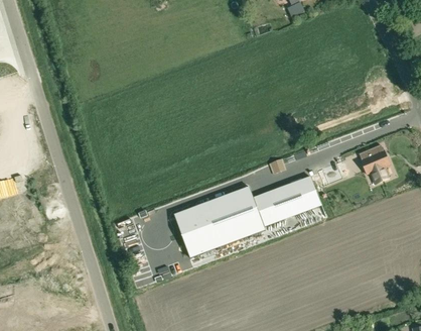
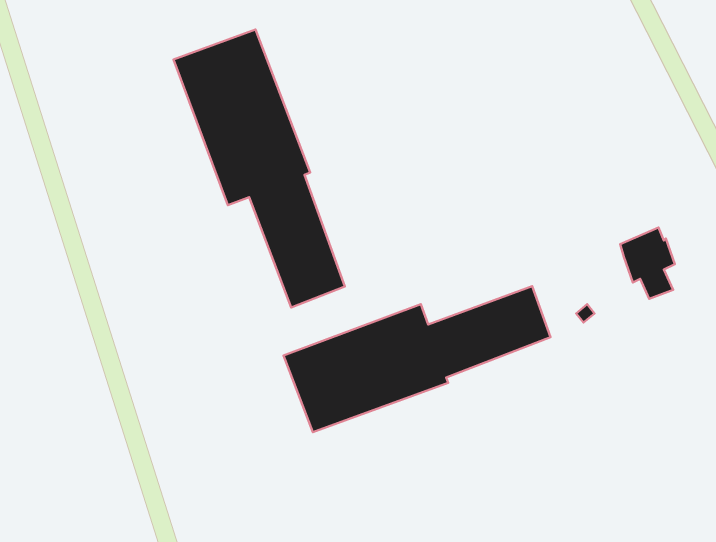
building: none -> [173,30,345,308]

